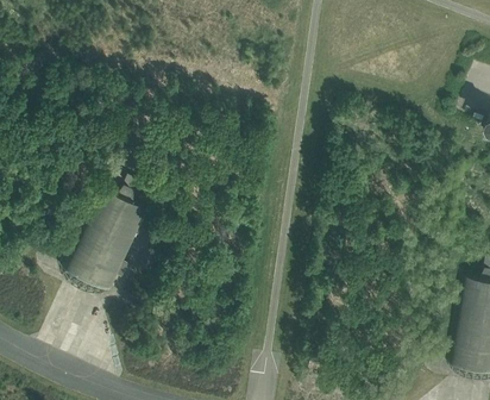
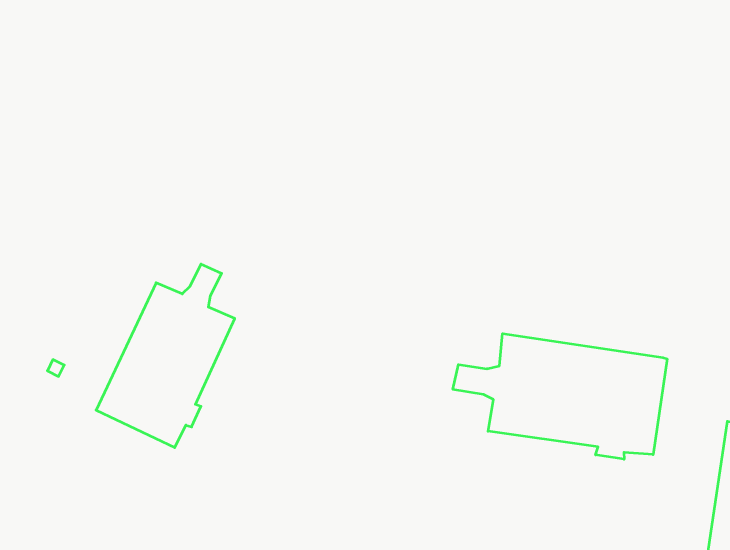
building: none -> [453,334,667,459]

